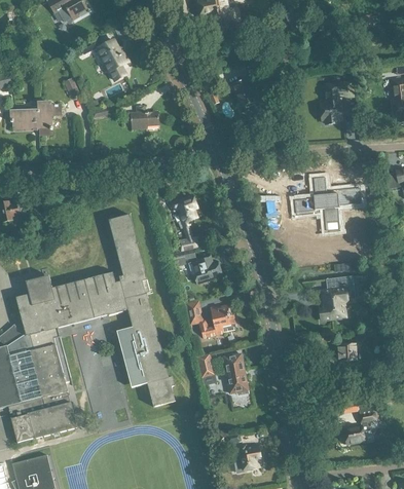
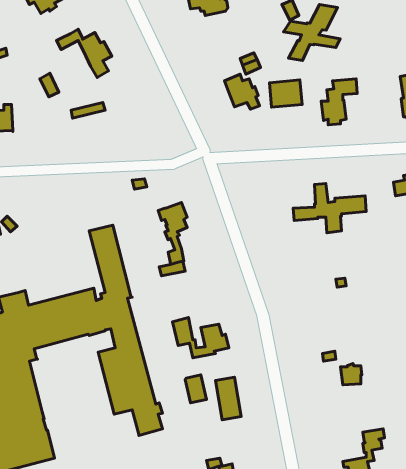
building: none -> [284,5,340,61]
building: none -> [270,80,302,107]
building: [37,103,61,135] -> none
building: [130,106,158,128] -> none
building: [187,256,221,283] -> none
building: [319,275,354,319] -> none

